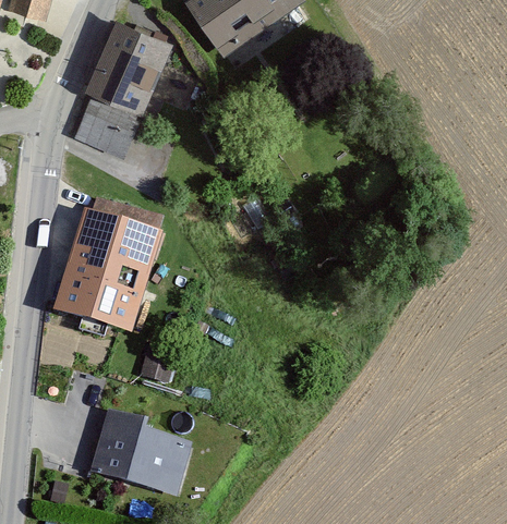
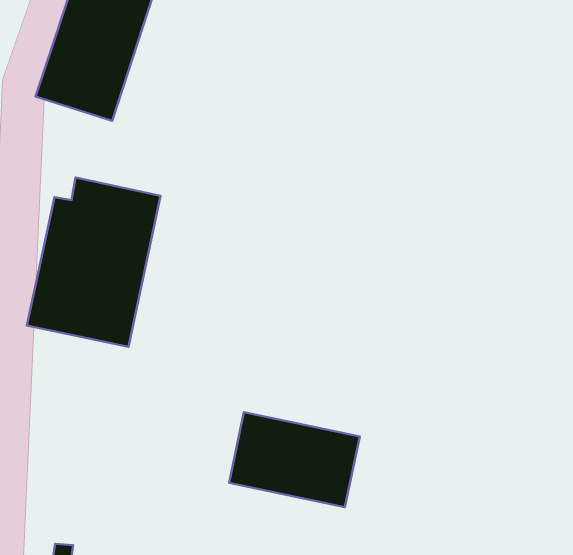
building: [90,415,195,495] -> [229,412,360,507]

